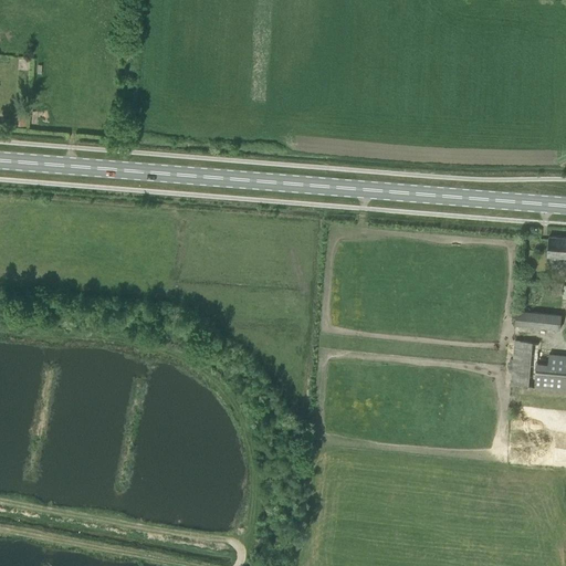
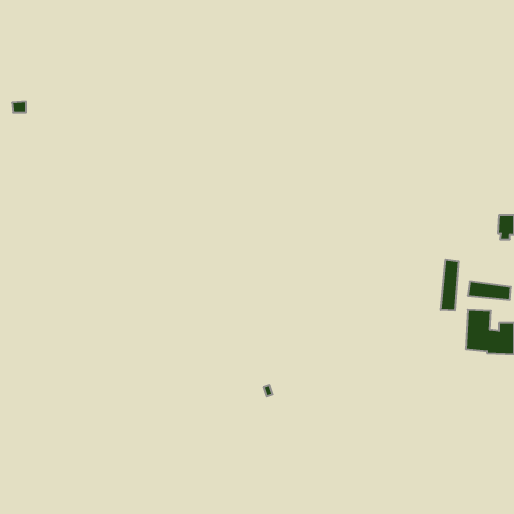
building: none -> [441,260,459,310]

